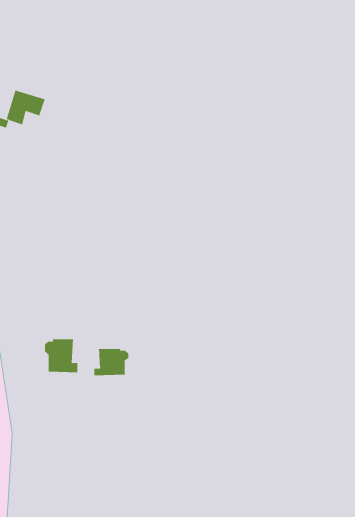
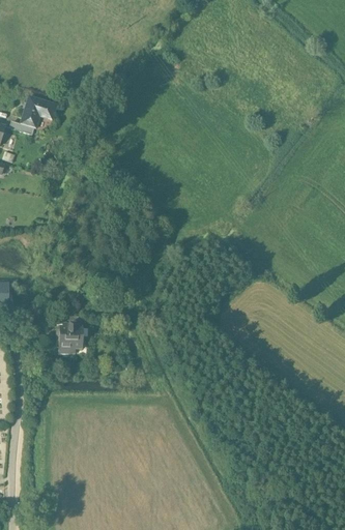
building: [94,348,129,376] -> none

